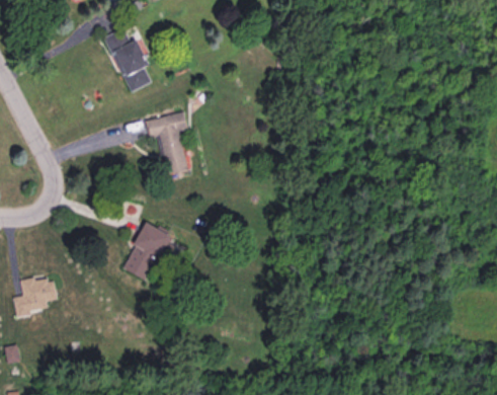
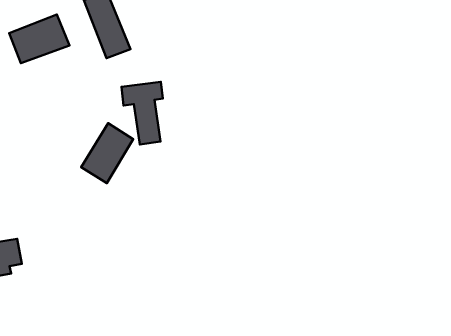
building: none -> [9,15,69,63]
building: [120,222,170,281] -> [81,123,133,183]

